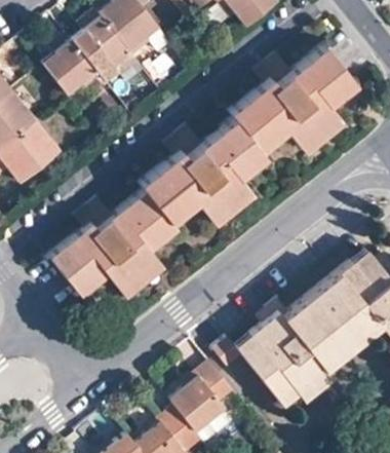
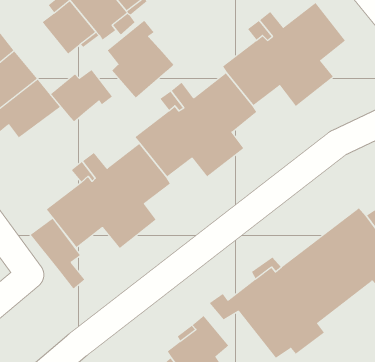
building: none -> [107,20,174,98]
building: none -> [50,69,113,122]
building: none -> [30,218,85,289]

